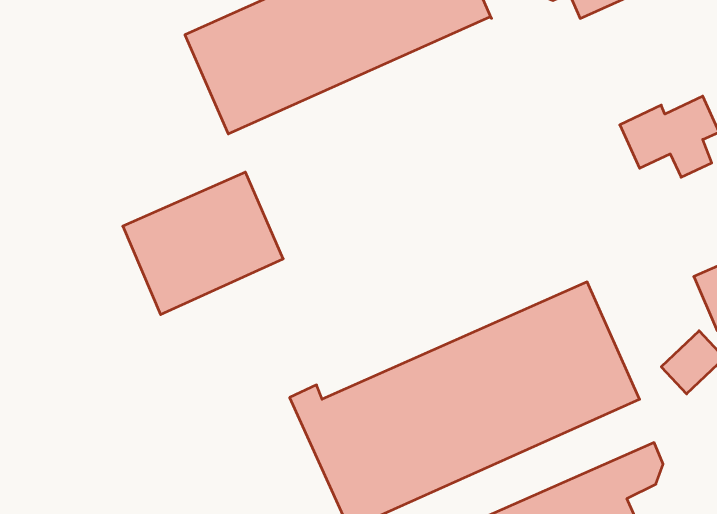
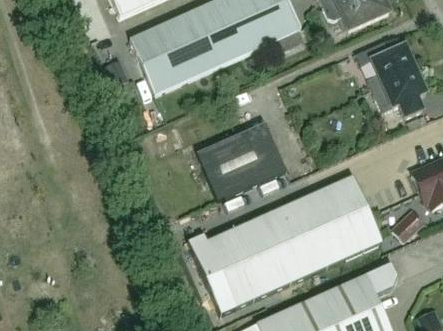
building: none -> [367,44,417,88]
building: [123,172,283,315] -> [197,121,286,200]

